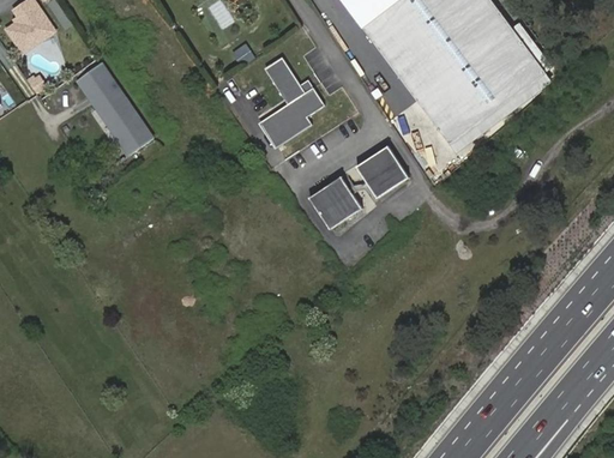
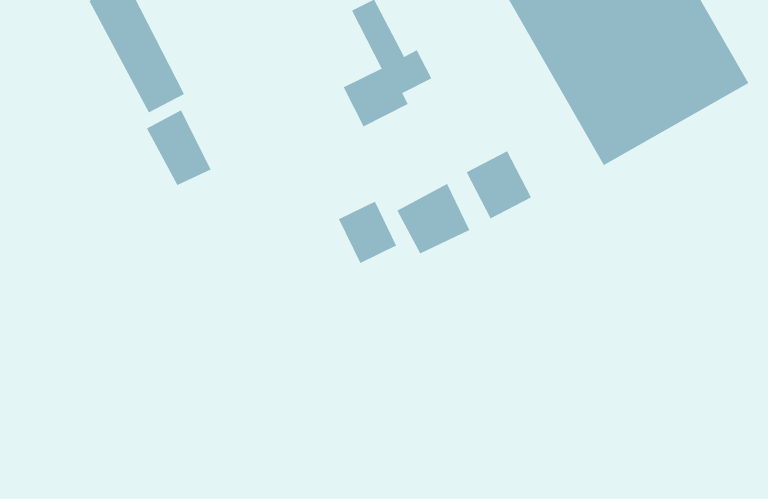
building: none -> [146,110,211,186]
building: none -> [338,201,397,264]

